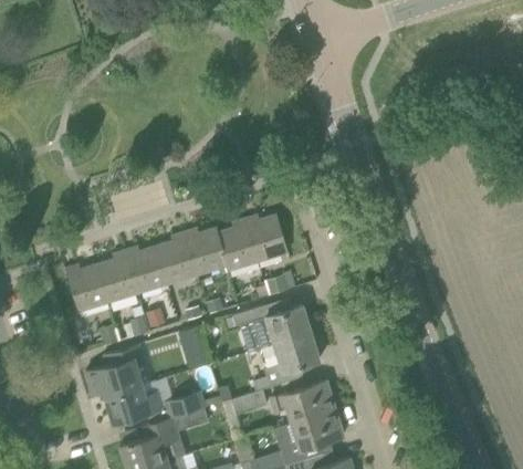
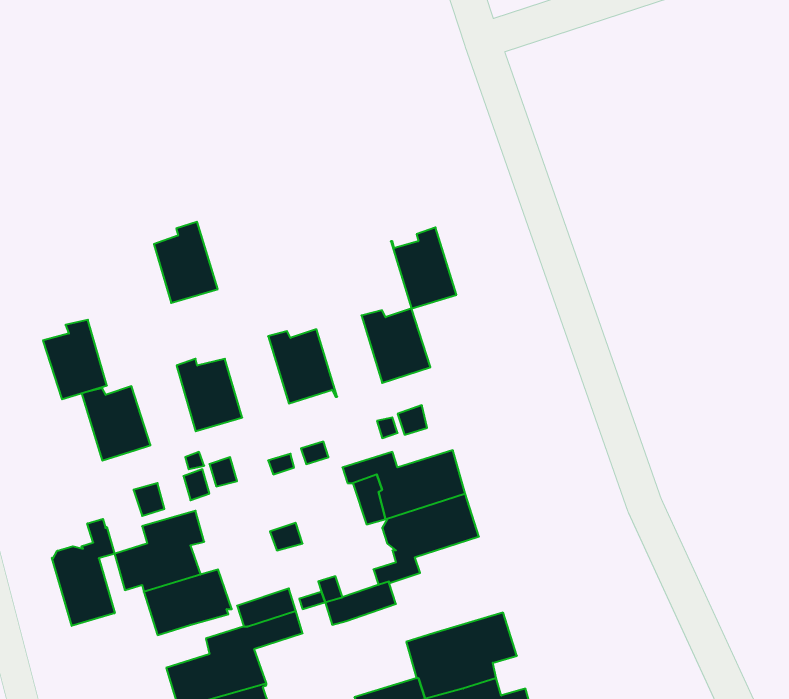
building: [216,218,258,270] -> [391,227,456,309]
building: [157,231,198,283] -> [154,222,218,303]
building: [97,250,138,301] -> [43,320,107,399]
building: none -> [52,519,115,626]
building: [271,381,335,421] -> none

